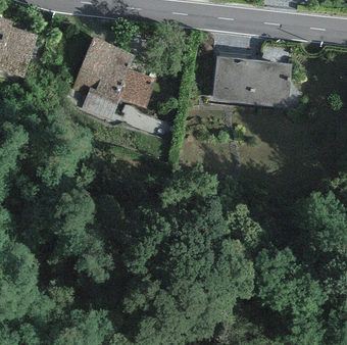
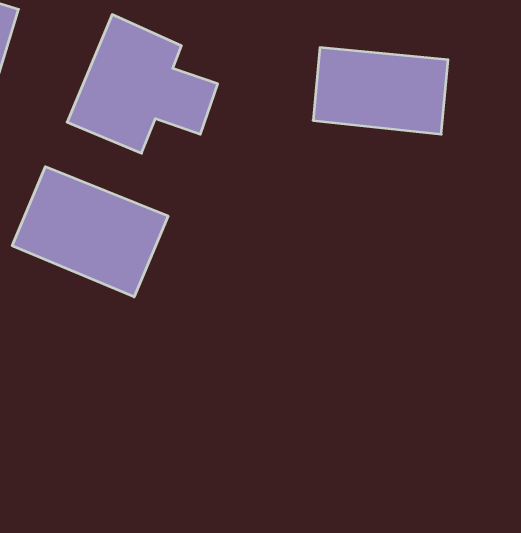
building: none -> [12,167,168,297]

